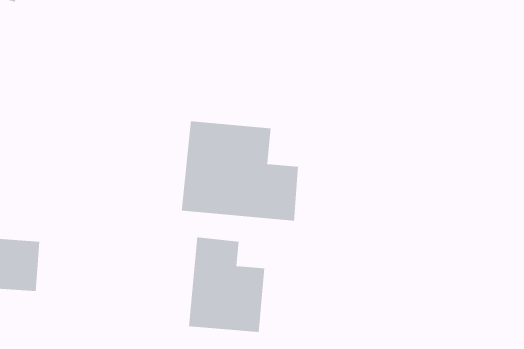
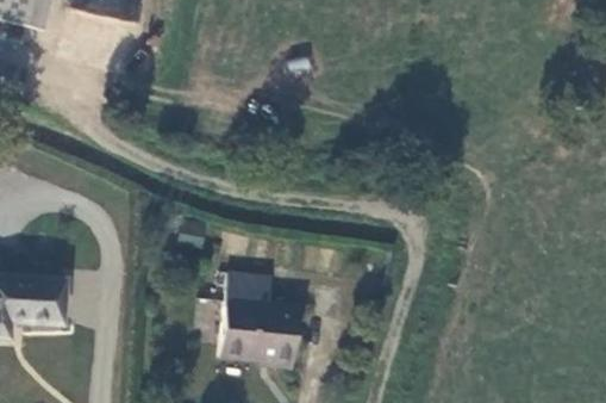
building: [181,120,299,221] -> none

